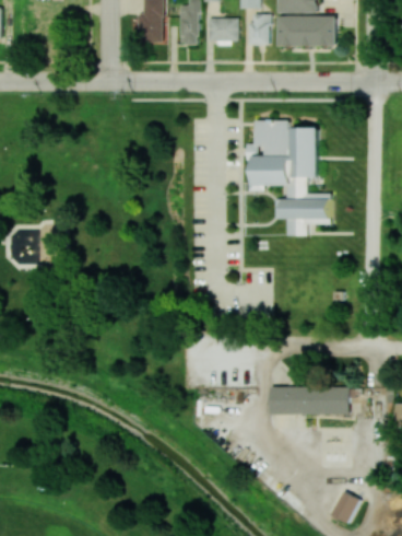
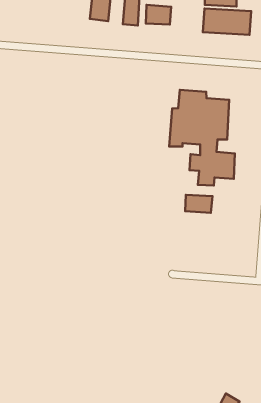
building: [248,13,269,44] -> none
building: none -> [185,195,212,213]
building: [271,385,348,413] -> none

